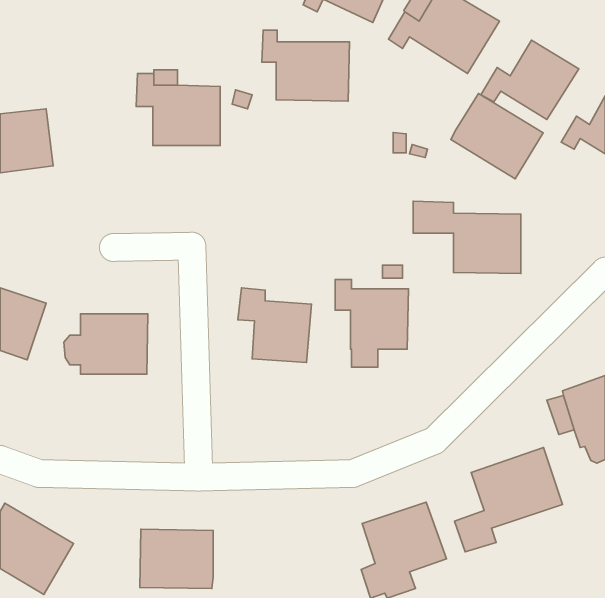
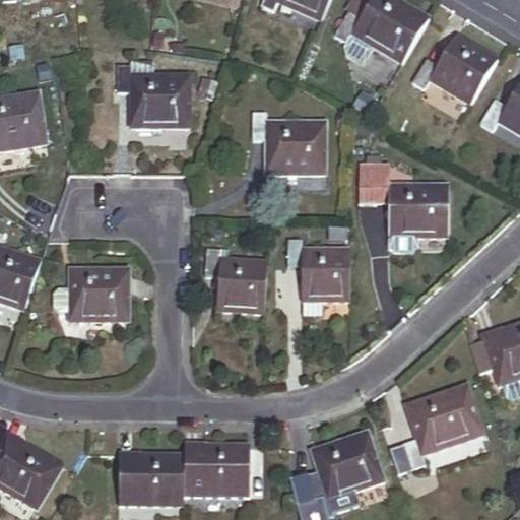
building: [262,30,349,101] -> [252,112,327,173]
building: [451,93,543,179] -> none
building: none -> [183,445,248,496]

